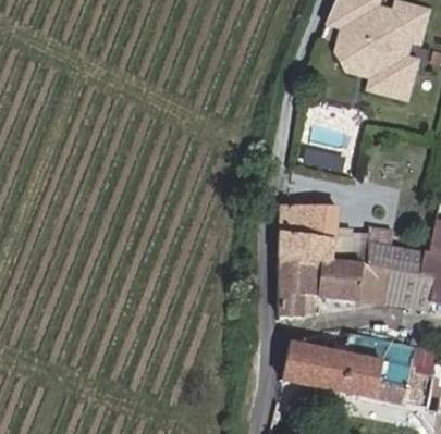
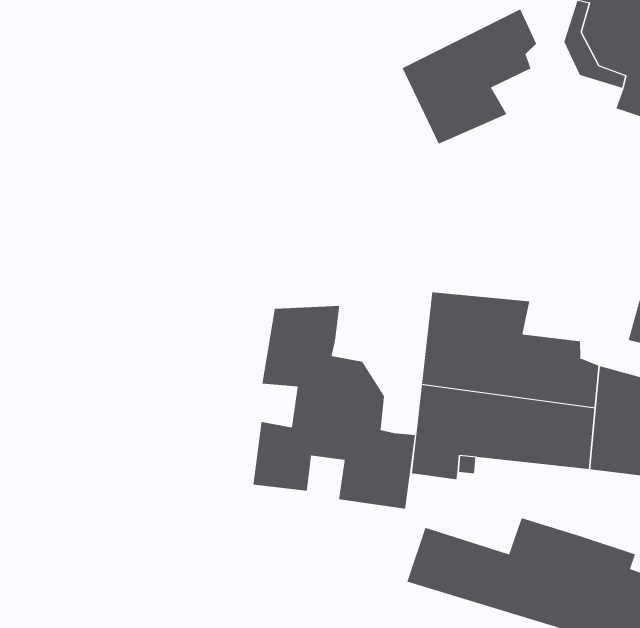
building: none -> [402,8,537,145]
building: none -> [253,305,415,509]

